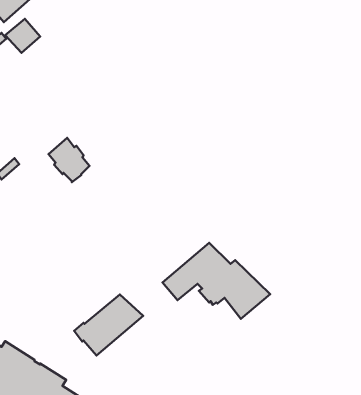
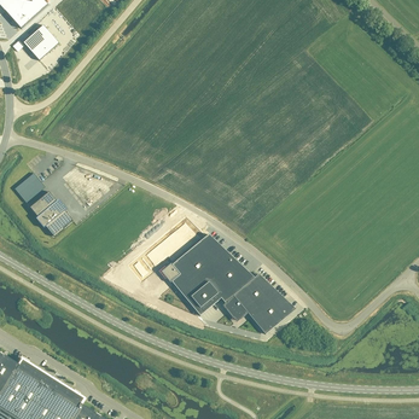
building: [48,138,89,182] -> [29,190,71,235]
building: [74,295,143,356] -> [161,233,232,296]

